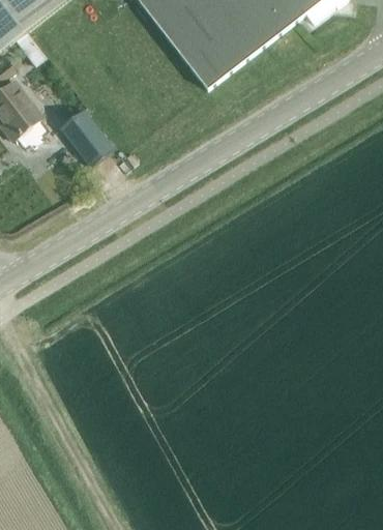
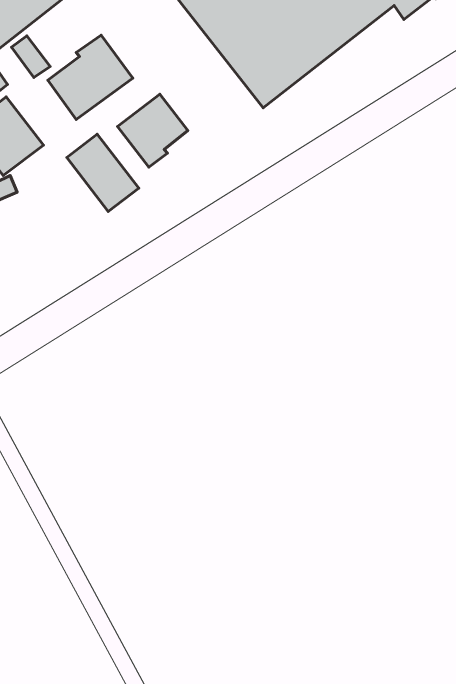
building: none -> [48,35,133,119]
building: none -> [118,94,188,167]

